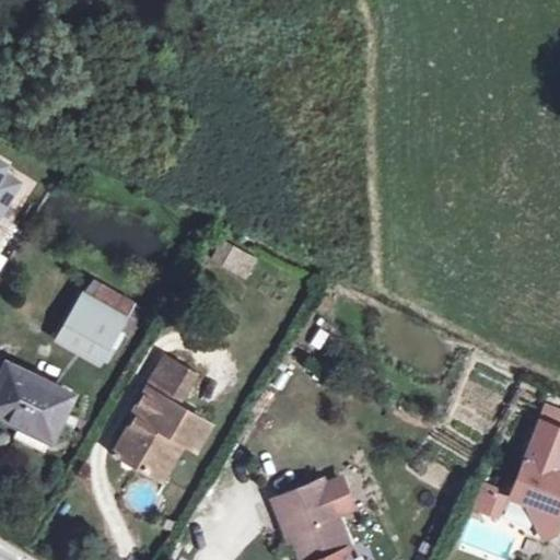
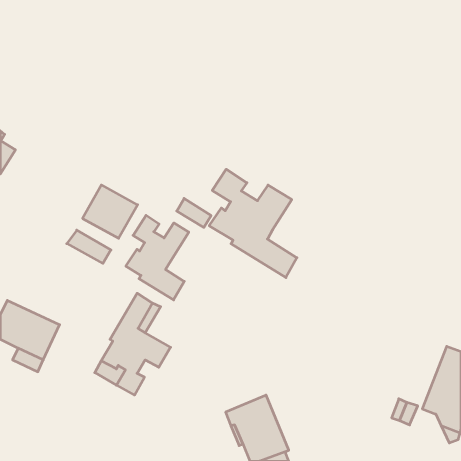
building: none -> [209,169,297,278]
building: none -> [126,215,189,300]
building: [58,295,125,360] -> [83,185,138,238]

